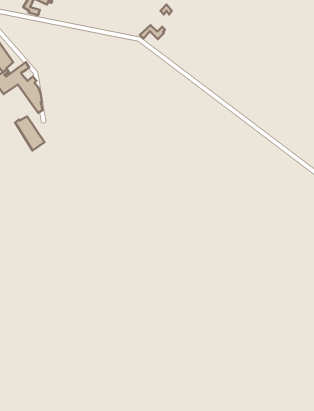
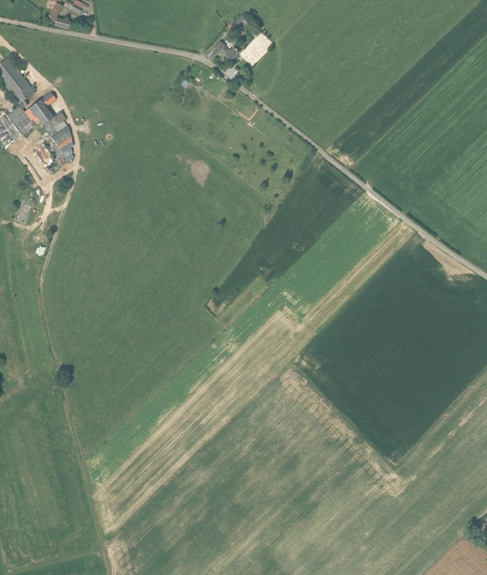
building: [15,116,44,150] -> none

